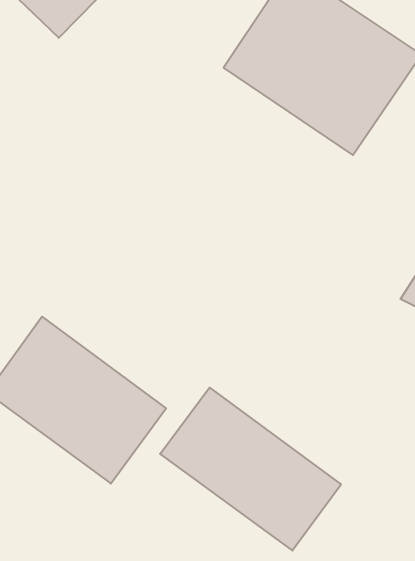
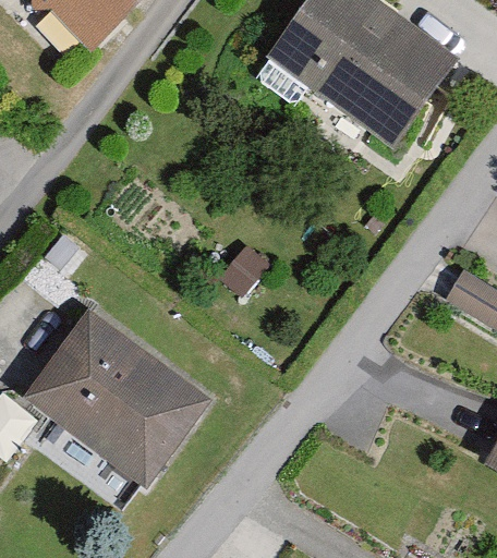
building: [160,388,341,551] -> none

